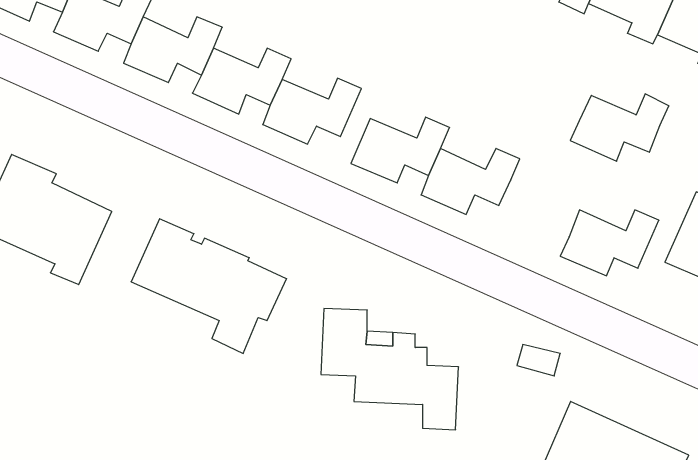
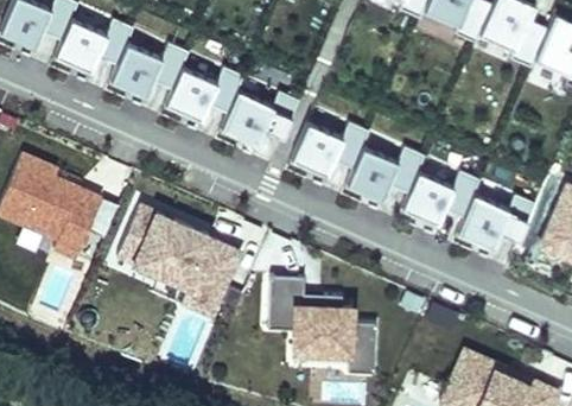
building: [570,94,669,161] -> [402,173,481,227]

